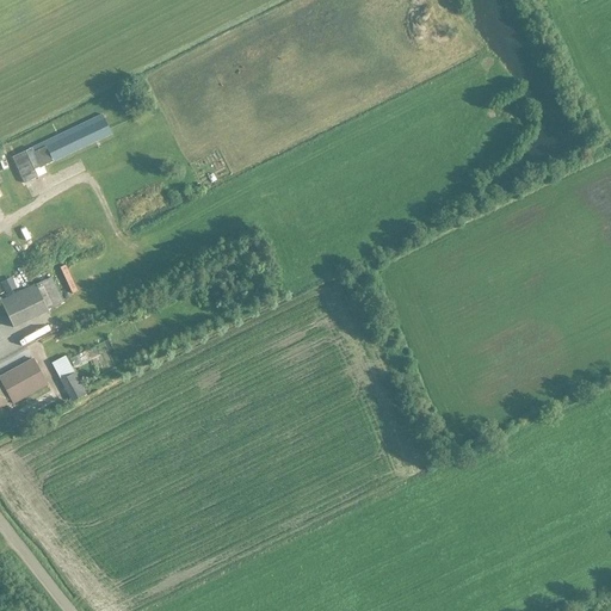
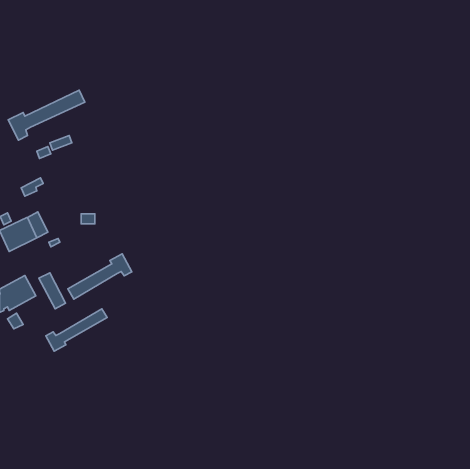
building: none -> [68,254,132,299]
building: none -> [46,309,107,351]

